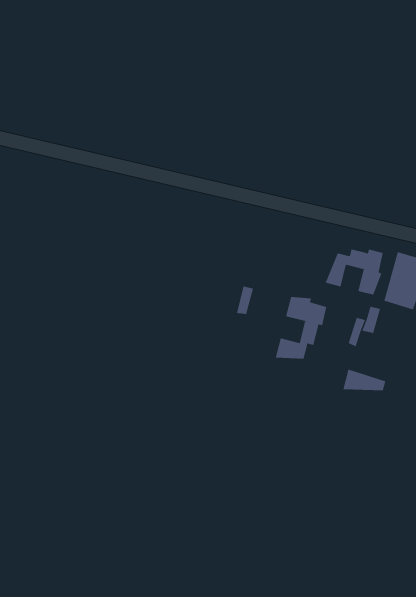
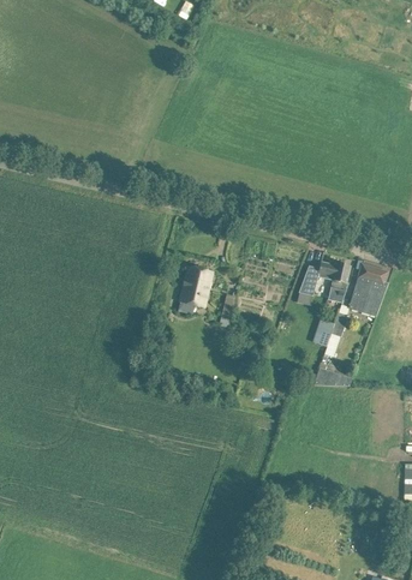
building: none -> [178,265,211,312]
building: [275,296,327,359] -> none

